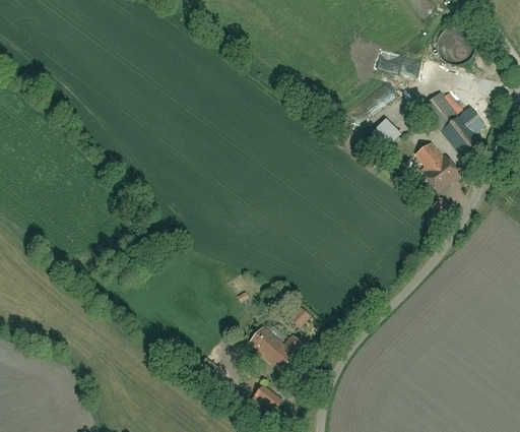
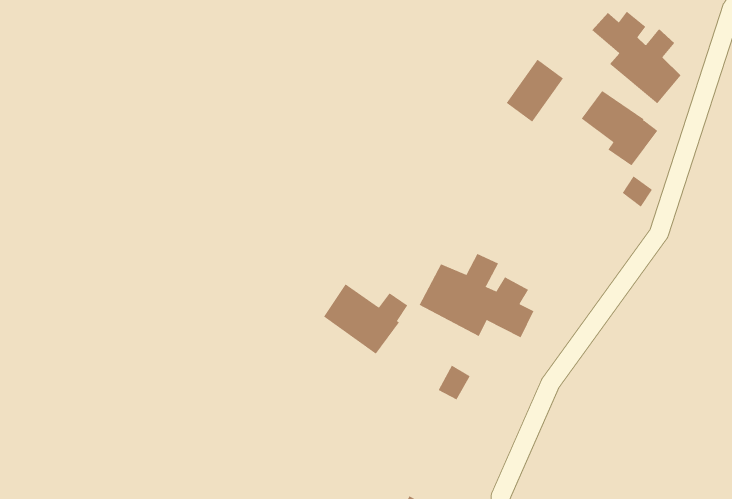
building: none -> [419,253,534,338]
building: [250,323,306,372] -> [323,283,408,354]

